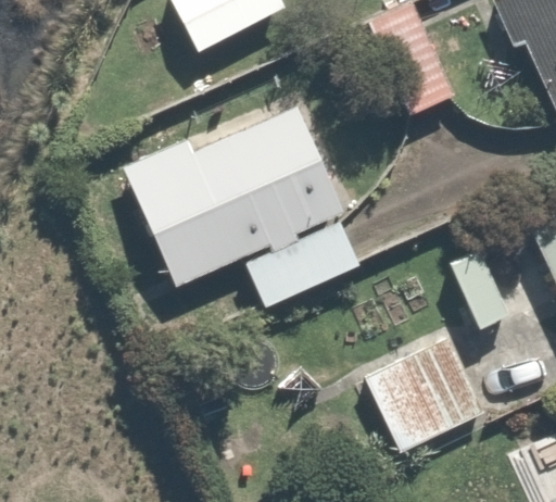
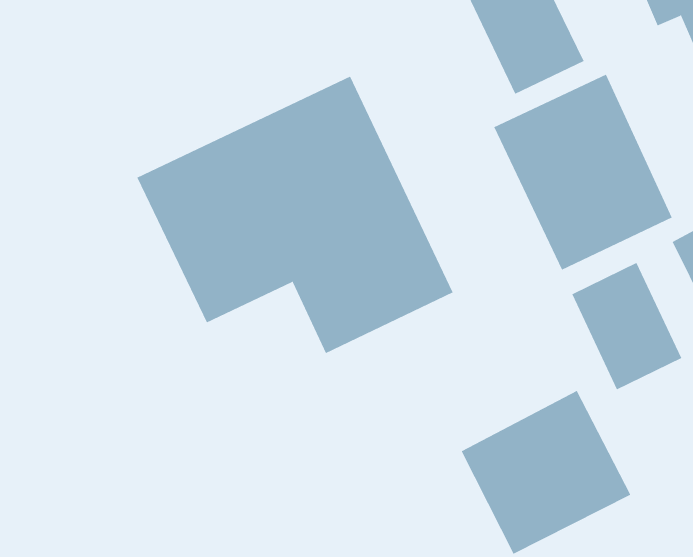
building: none -> [494,74,672,271]

